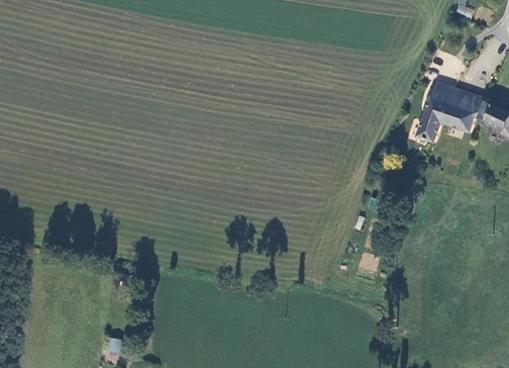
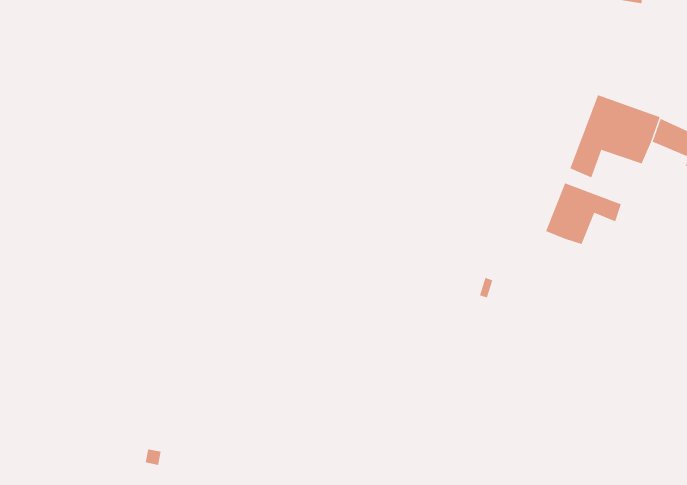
building: none -> [545,183,621,245]

